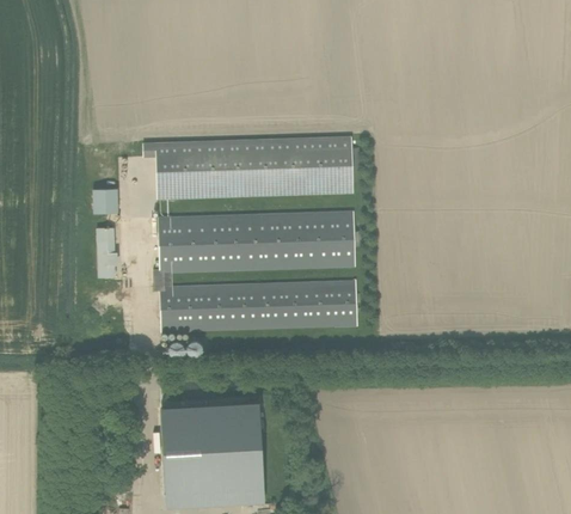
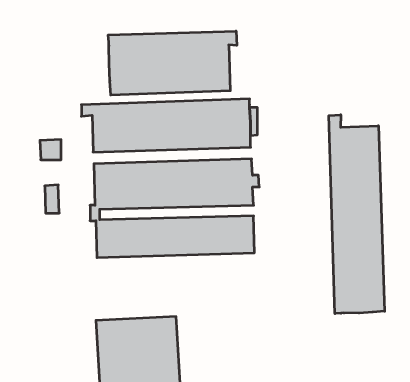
building: none -> [108,31,237,95]
building: none -> [329,115,385,314]

